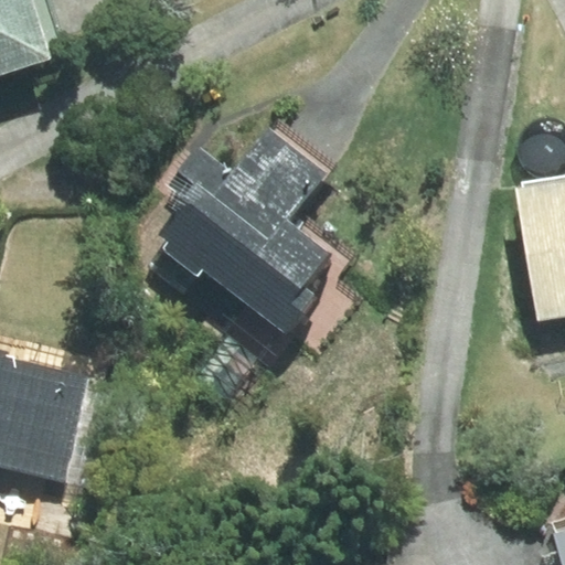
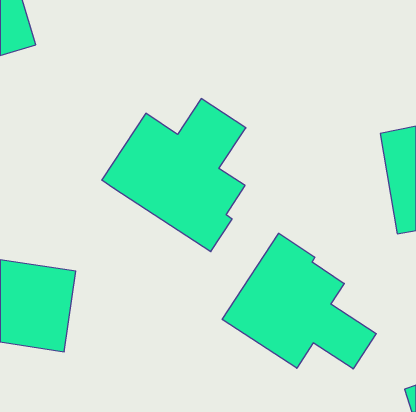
building: none -> [222,233,376,369]

